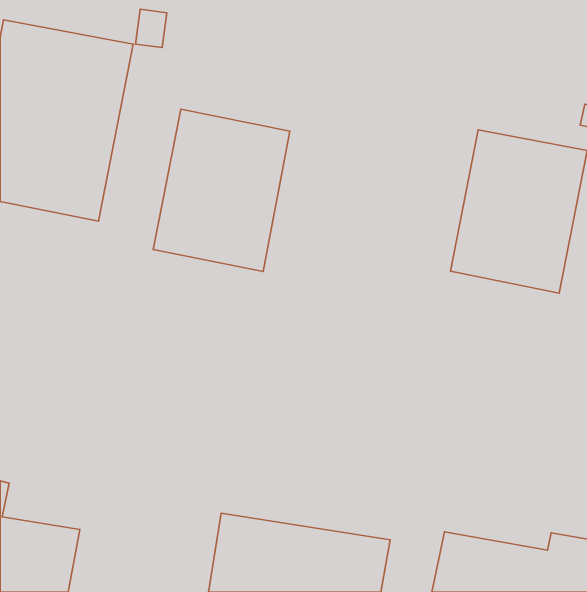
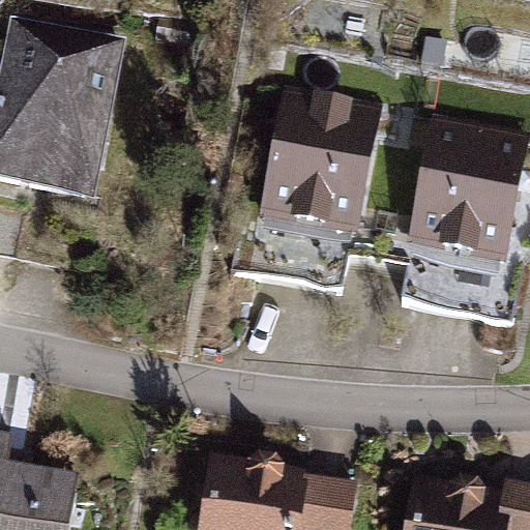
building: [153,109,290,271] -> [258,86,380,231]

